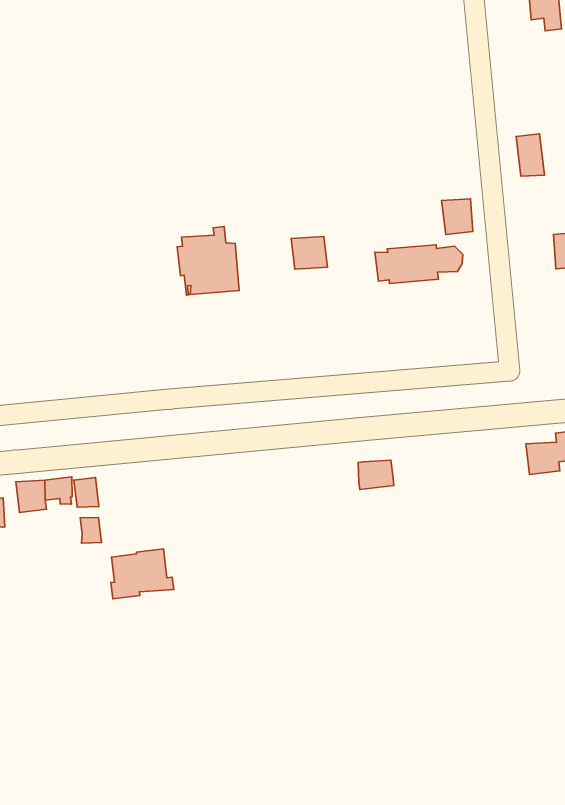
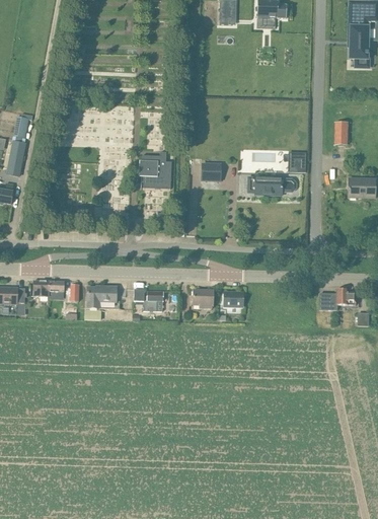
building: none -> [193,288,214,308]
building: none -> [134,288,163,310]
building: [111,549,174,599] -> [85,285,120,309]

